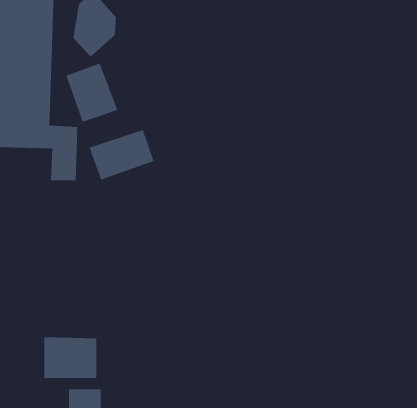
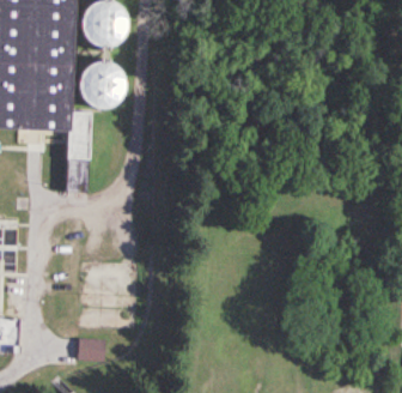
building: [89,129,154,180] -> none
building: [44,336,97,379] -> none

